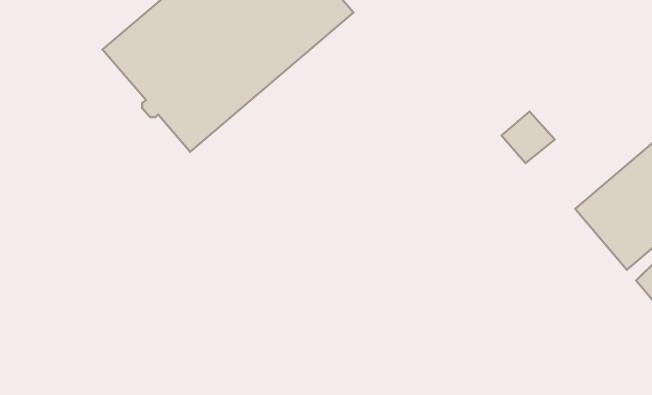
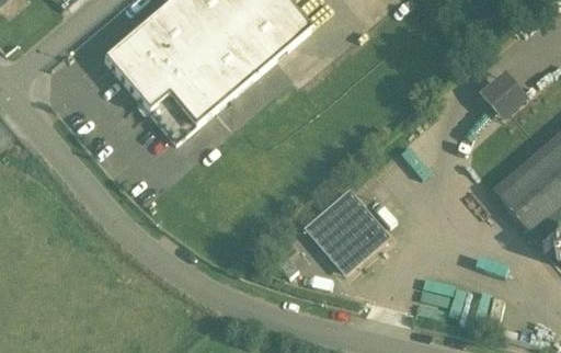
building: [502,111,555,163] -> [483,73,527,116]
building: none -> [309,191,387,269]

